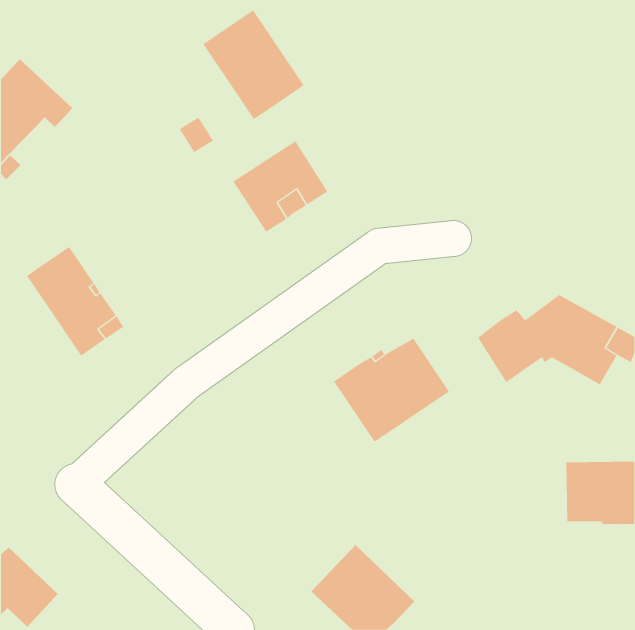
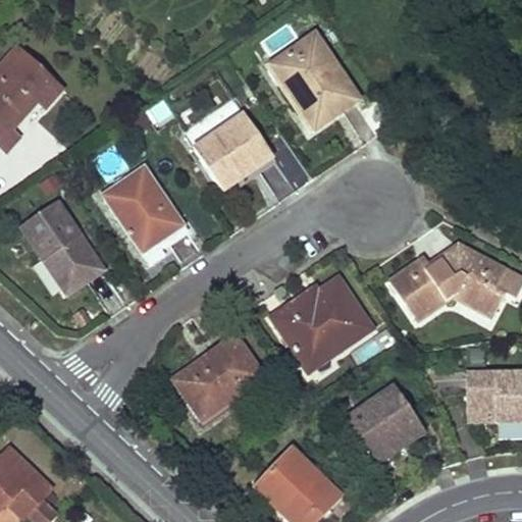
building: [203,9,304,120] -> [273,35,357,125]
building: none -> [103,164,184,262]
building: none -> [174,335,262,416]
building: none -> [345,387,428,468]

